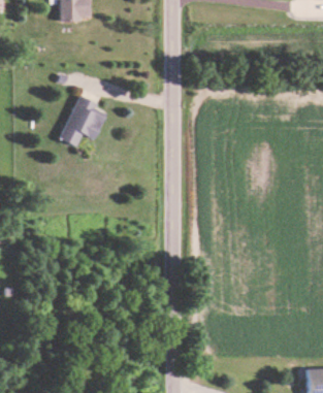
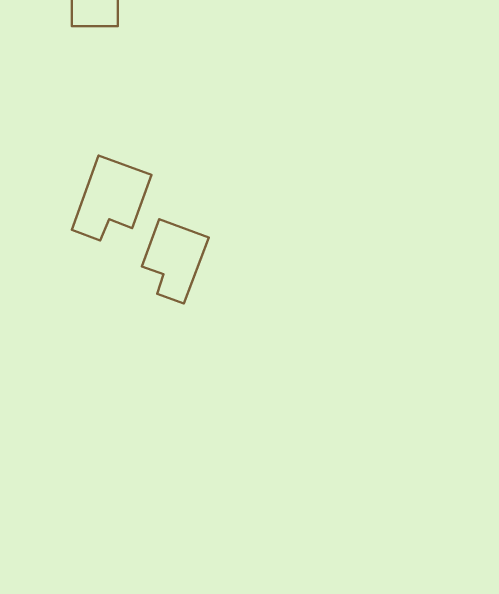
building: none -> [142,219,209,303]

